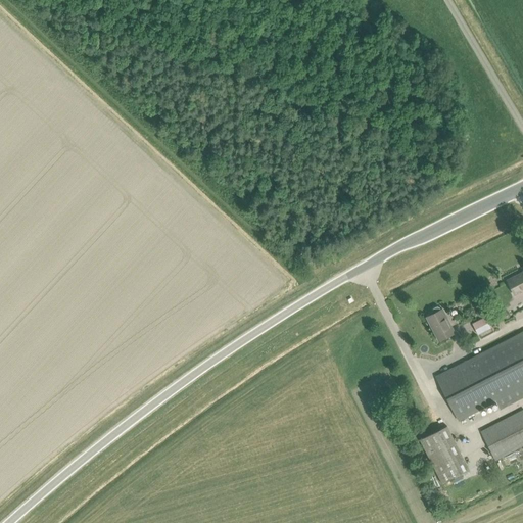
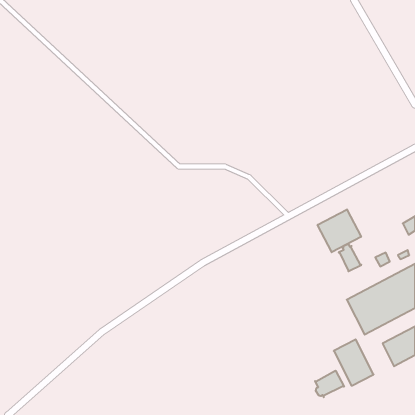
building: none -> [318,209,361,252]
building: none -> [315,371,344,397]

